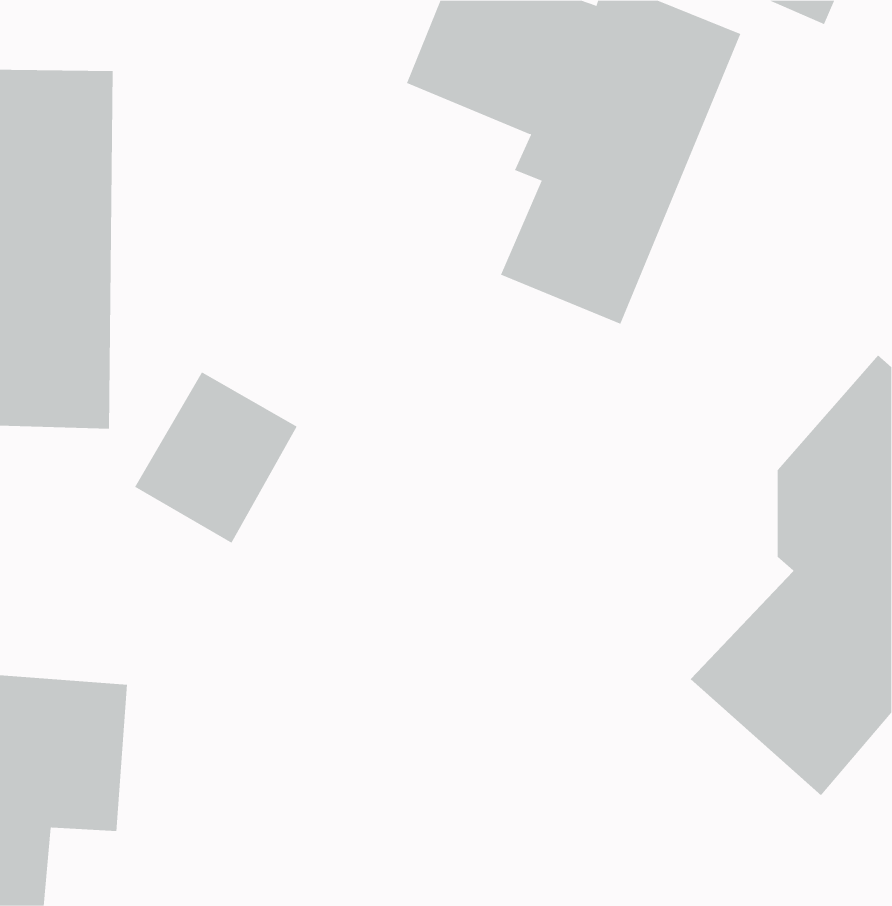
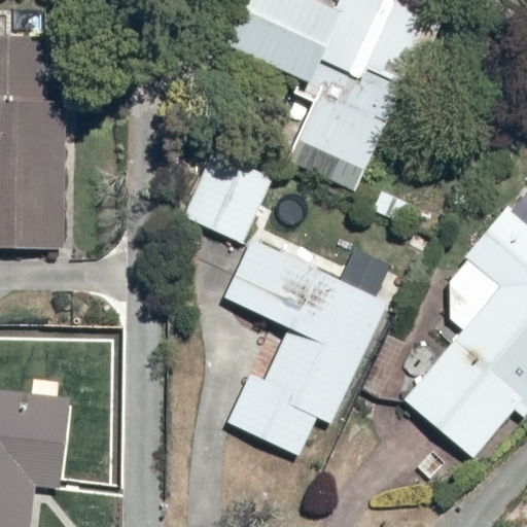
building: [134,372,297,544] -> [180,148,275,248]
building: none -> [222,234,391,454]

